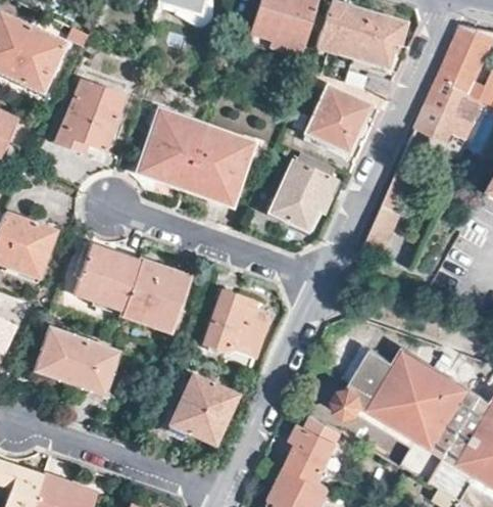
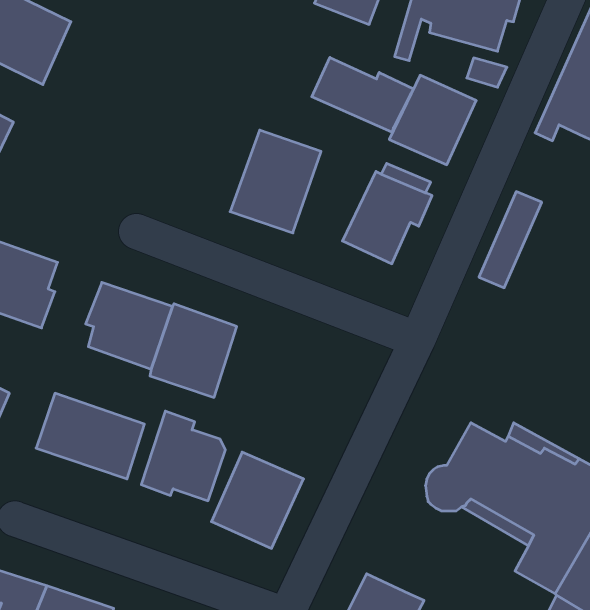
building: none -> [312,57,414,132]
building: [52,79,126,153] -> none
building: [138,108,206,189] -> none
building: [204,289,268,358] -> [141,411,225,501]
building: [288,413,339,481] -> none

